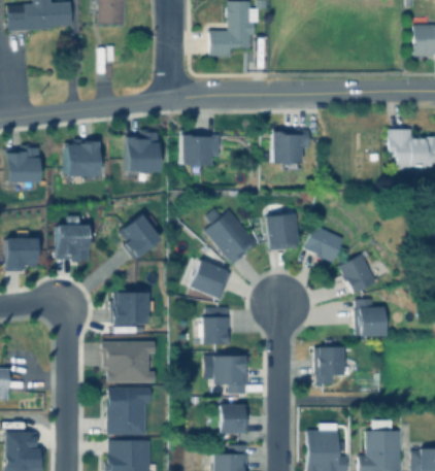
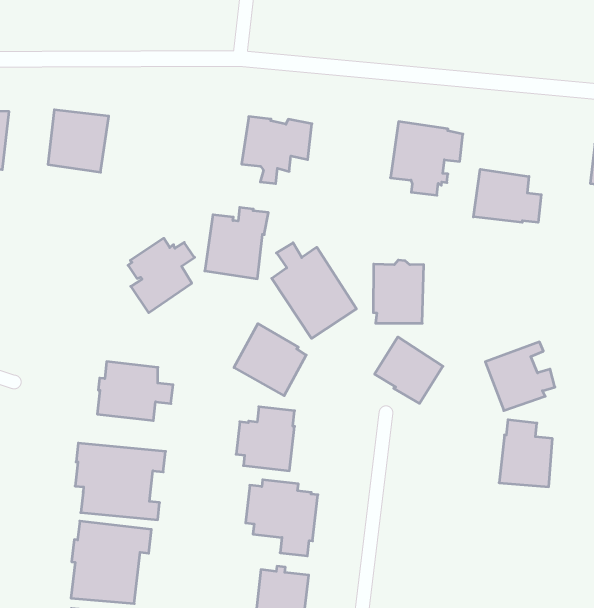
building: [126,131,160,172] -> [205,207,268,279]
building: none -> [473,169,541,222]
building: [55,217,89,262] -> none
building: [304,225,344,263] -> [375,337,443,403]
building: [315,346,343,384] -> none

